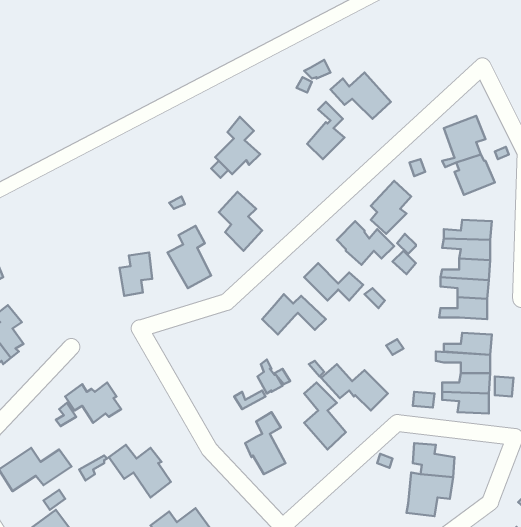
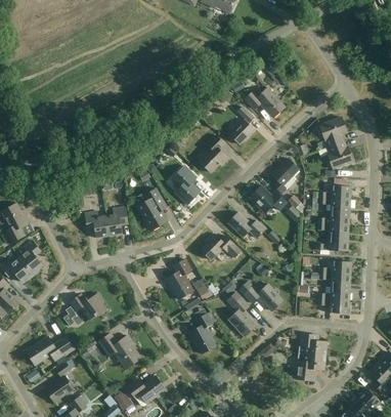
building: [215,117,260,174] -> [199,134,228,172]
building: none -> [85,210,108,237]
building: none -> [165,259,193,299]

